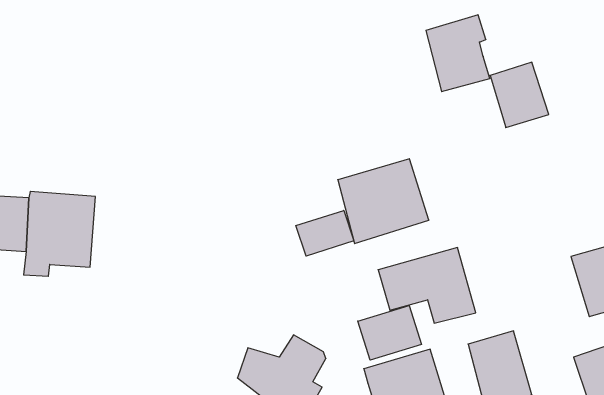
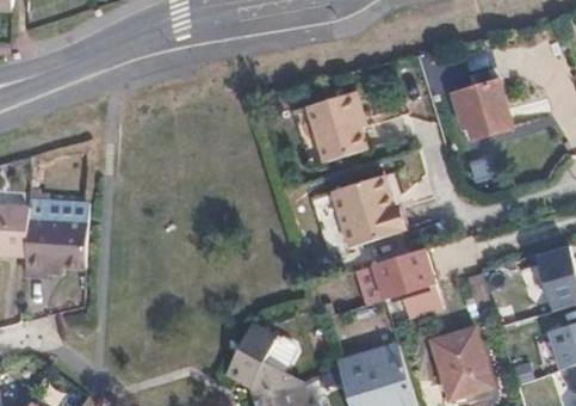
building: [426,15,490,92] -> [310,85,368,155]
building: [296,210,354,256] -> none
building: [358,305,422,360] -> none

